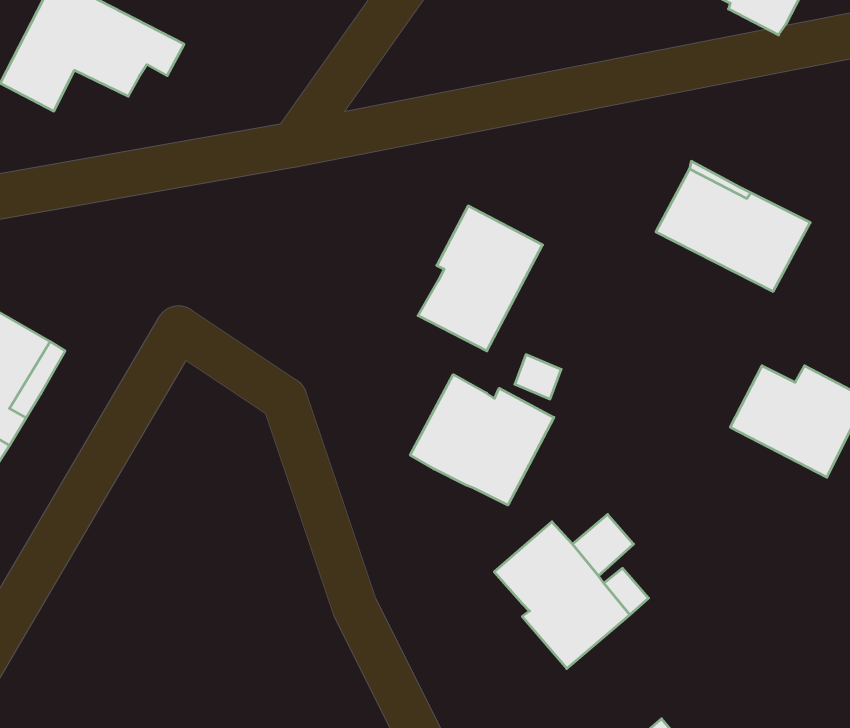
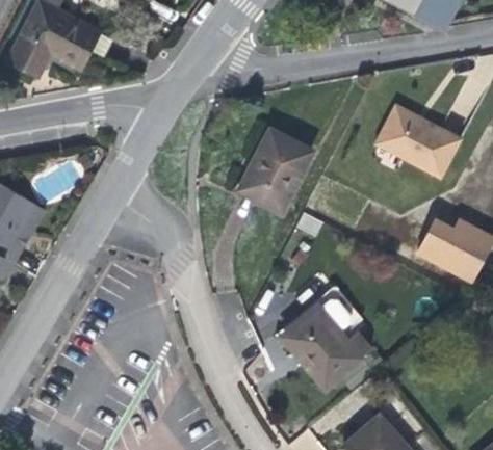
building: [410,375,554,505] -> none

